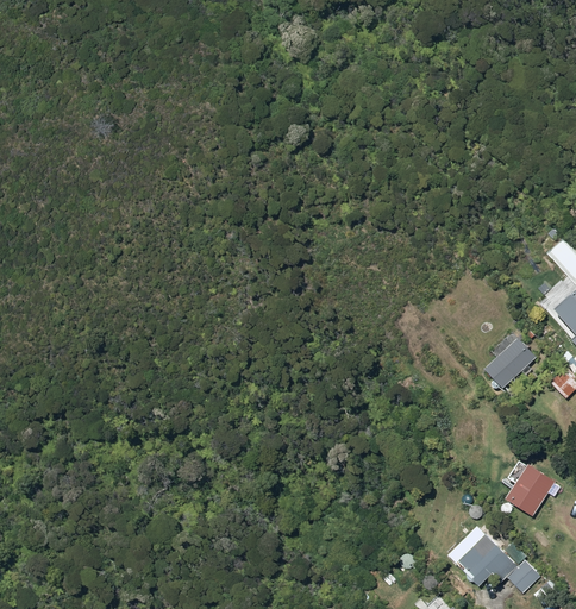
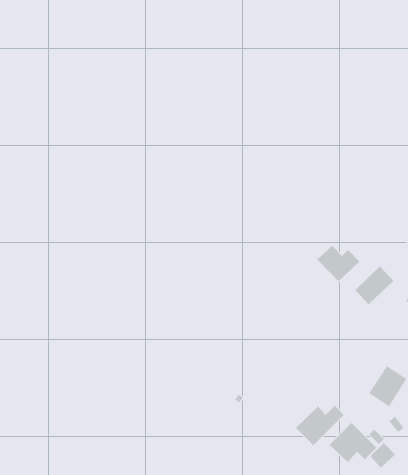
building: none -> [316,245,360,282]
building: none -> [295,405,345,446]

